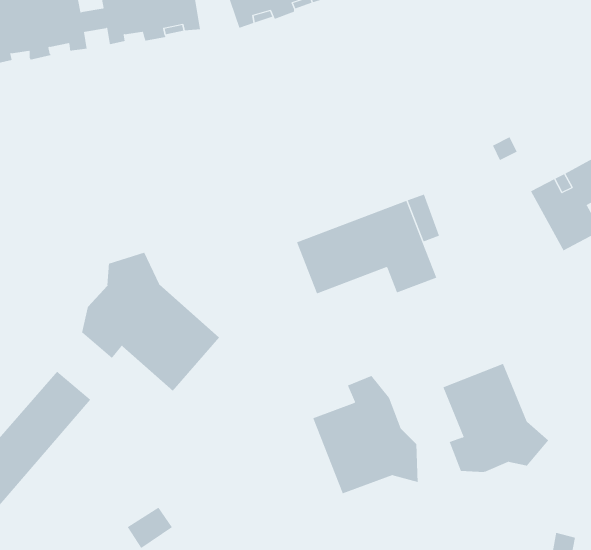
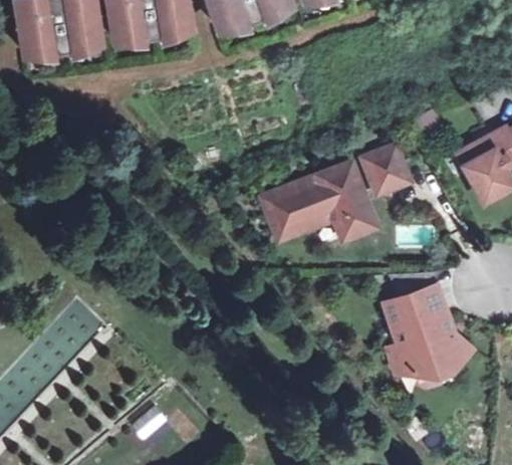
building: none -> [366,147,410,192]
building: [82,252,220,392] -> none
building: [312,375,418,494] -> none

